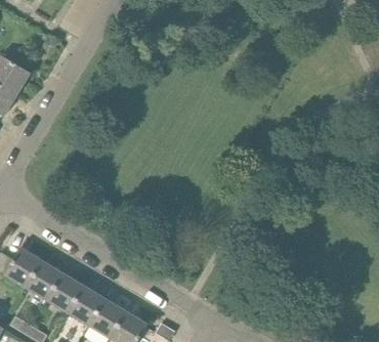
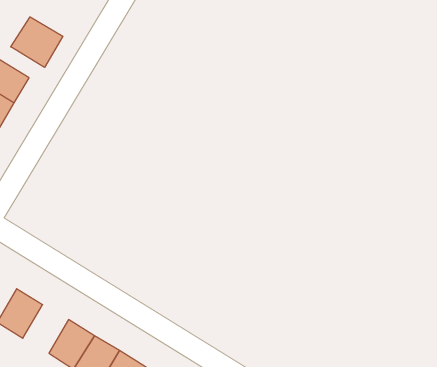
building: none -> [11,17,63,67]
building: [25,260,62,300] -> none

